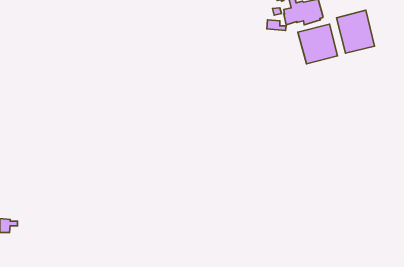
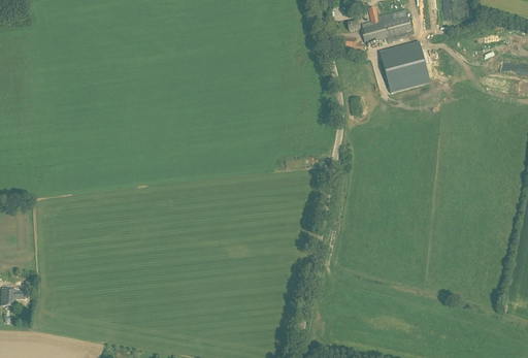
building: [336,10,374,53] -> none

